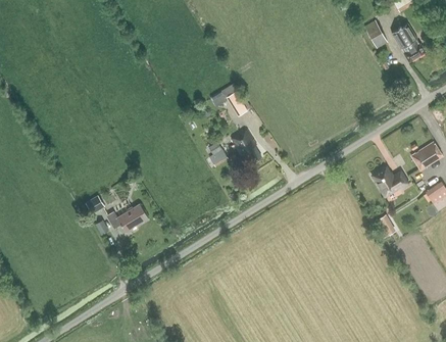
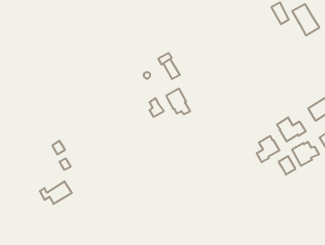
building: none -> [257,136,280,162]
building: none -> [292,142,319,166]
building: [107,203,148,232] -> [40,181,72,204]

